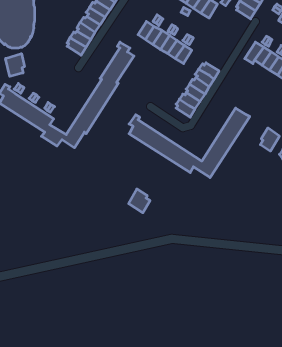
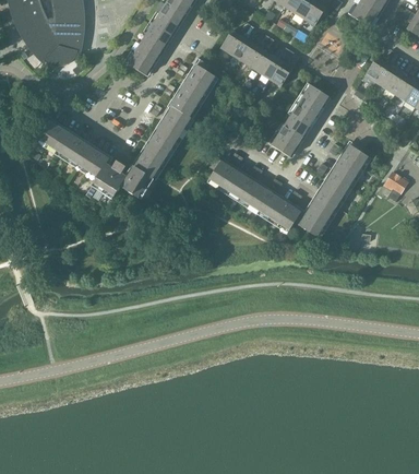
building: [6,54,24,76] -> none
building: [129,189,150,213] -> none

